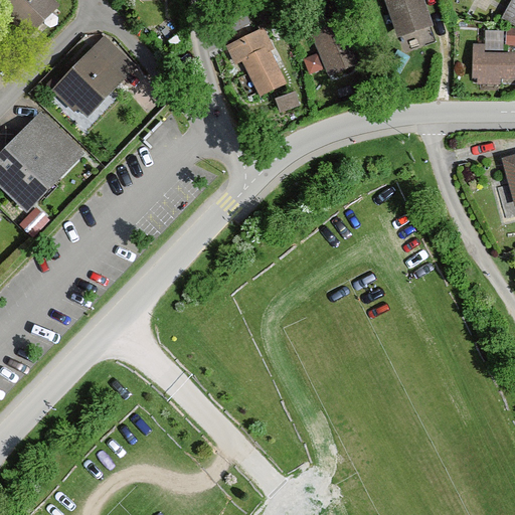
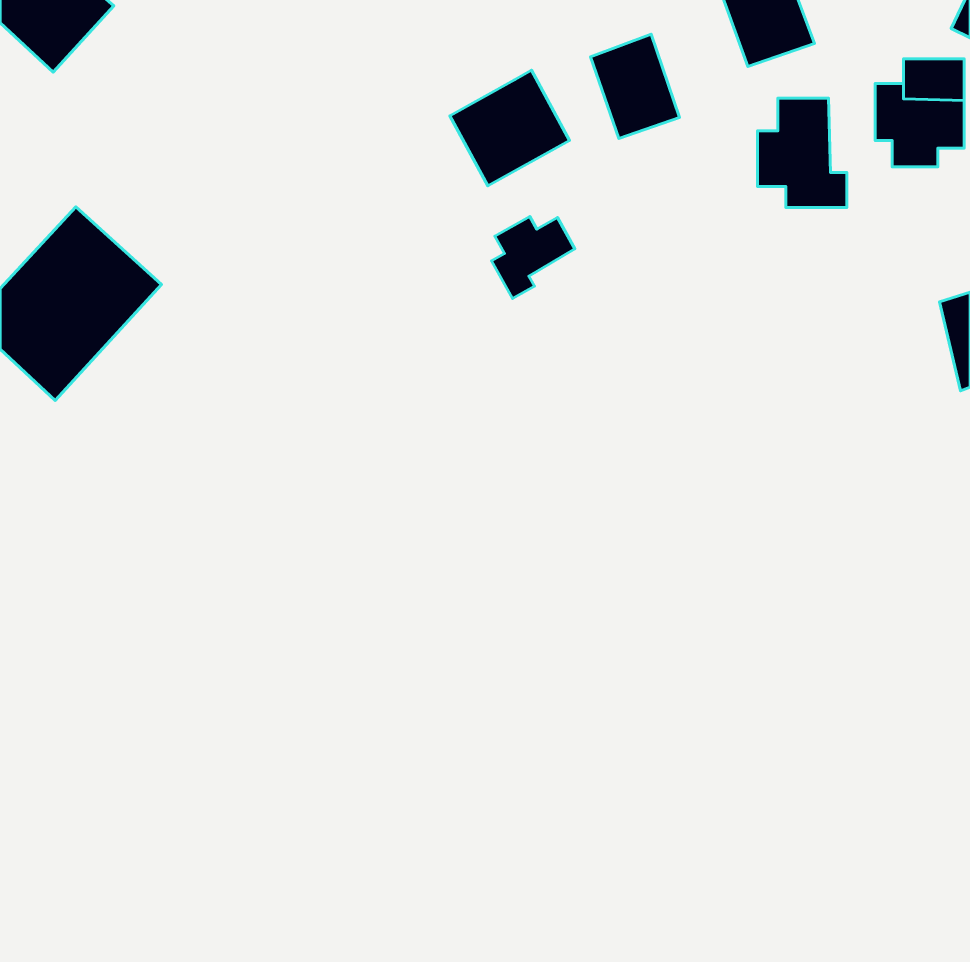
building: [221,24,273,65] -> none
building: [53,37,134,119] -> none
building: none -> [757,98,847,207]
building: none -> [491,217,575,299]

